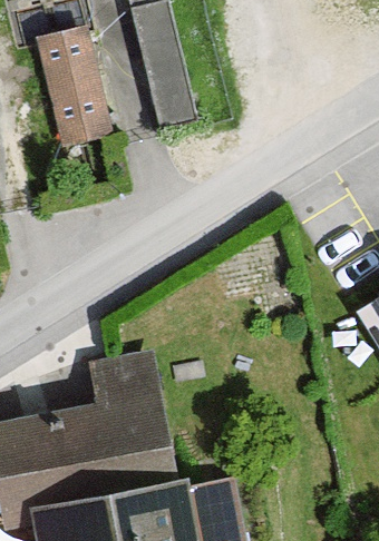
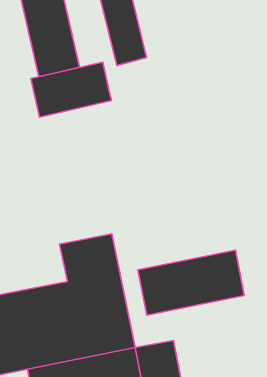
building: none -> [31,62,111,117]
building: none -> [138,250,244,315]

